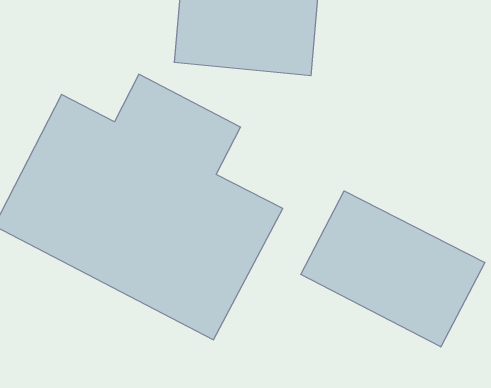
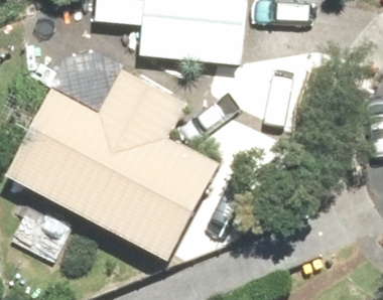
building: [301,191,485,347] -> none

